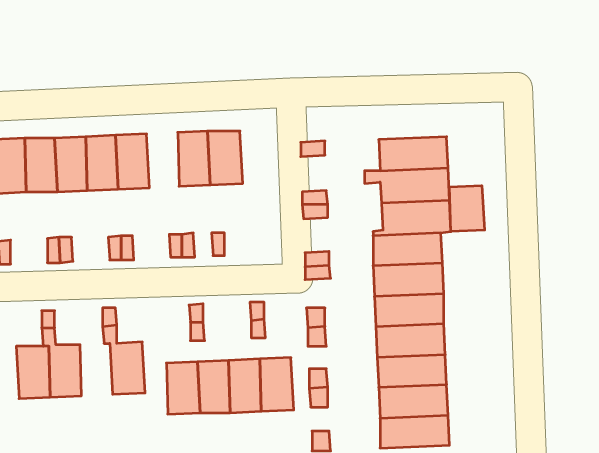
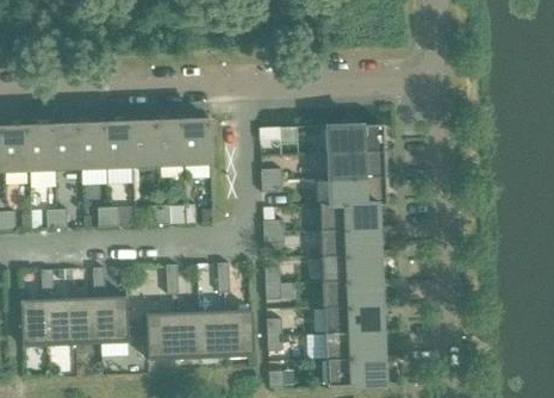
building: none -> [130,120,157,167]
building: [449,186,485,232] -> none
building: none -> [74,298,101,342]

